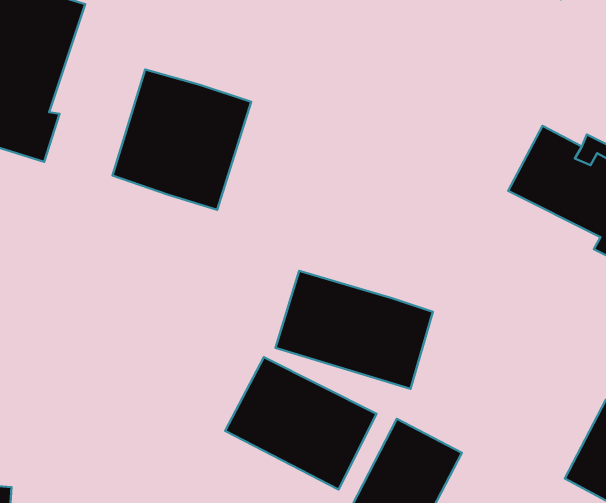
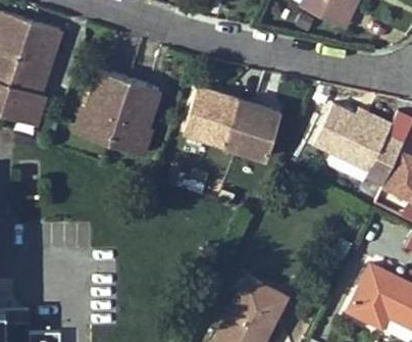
building: [275,271,433,389] -> [187,87,280,157]
building: [225,357,377,489] -> none

